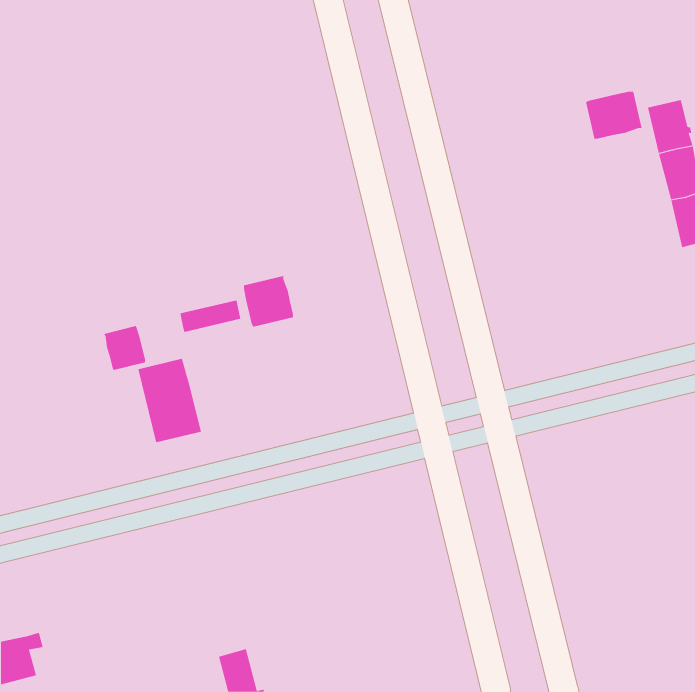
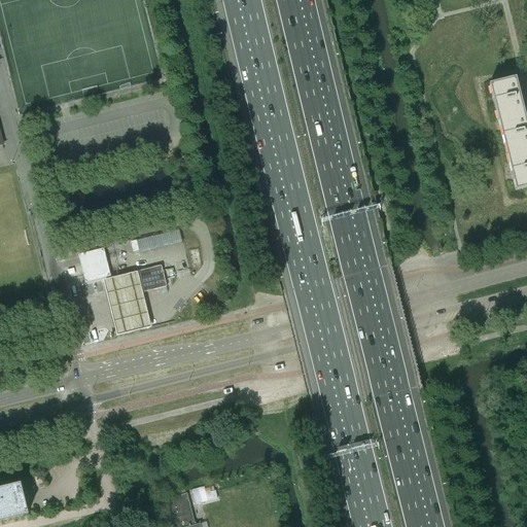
building: [585,91,642,139] -> none
building: [243,275,293,328] -> none
building: none -> [141,264,167,288]

